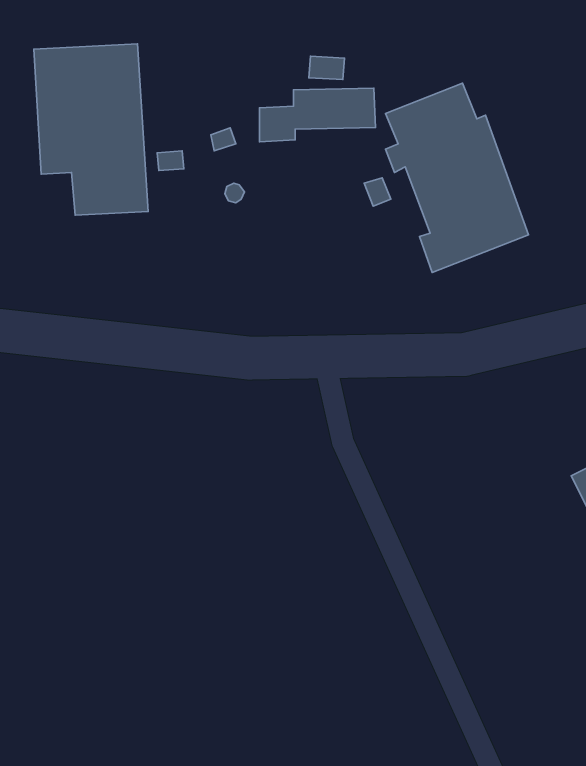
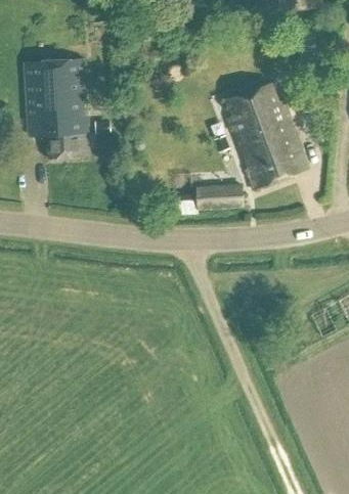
building: [259,88,375,142] -> [176,183,243,214]

